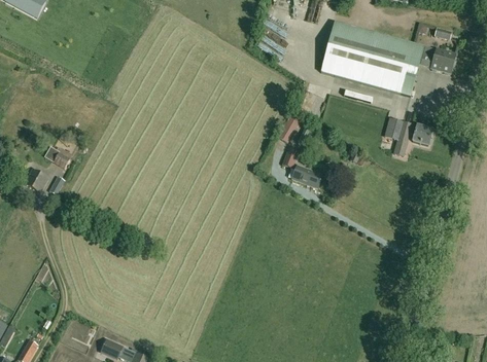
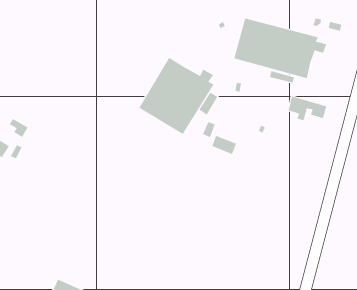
building: [429,47,456,72] -> none
building: none -> [139,57,214,135]

